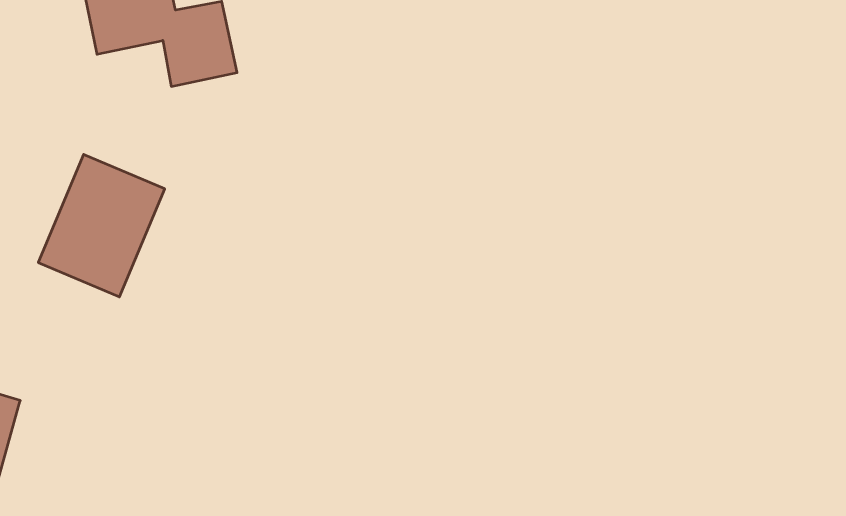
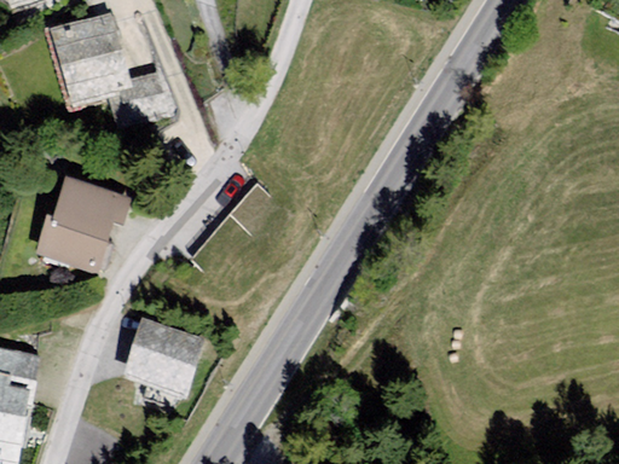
building: none -> [126,317,202,396]

